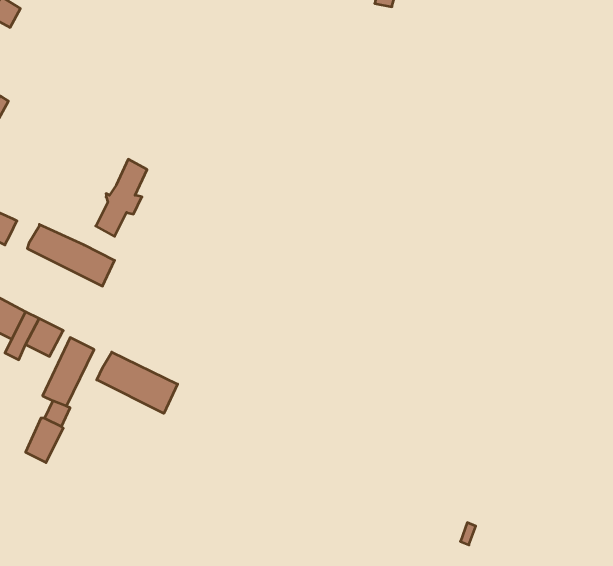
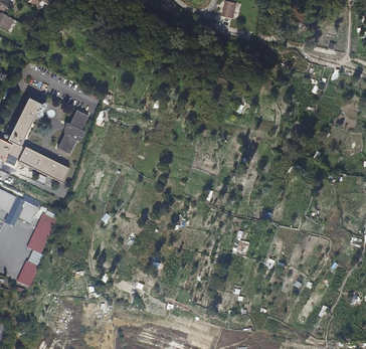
building: none -> [8,99,40,158]
building: [97,352,178,413] -> none

